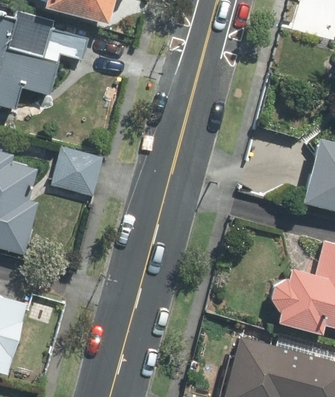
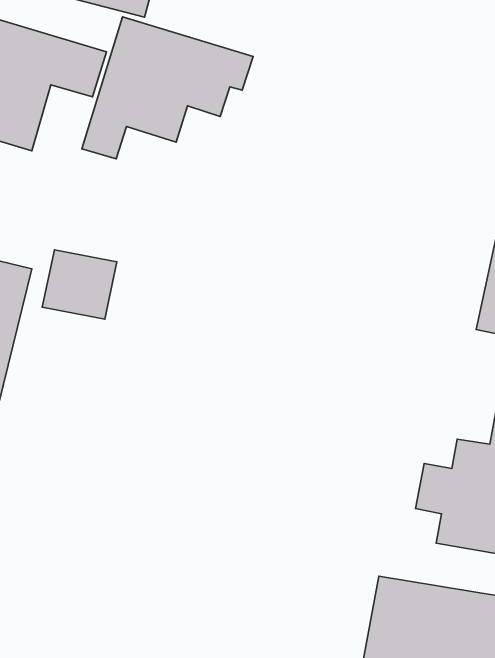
building: none -> [82,17,253,159]

